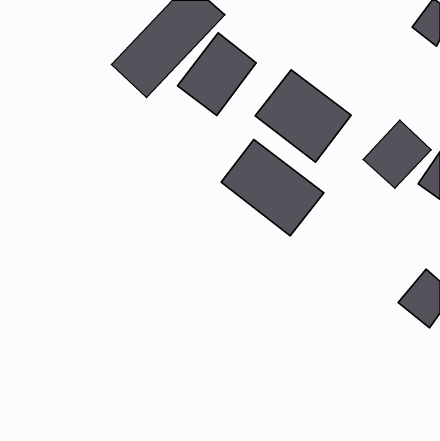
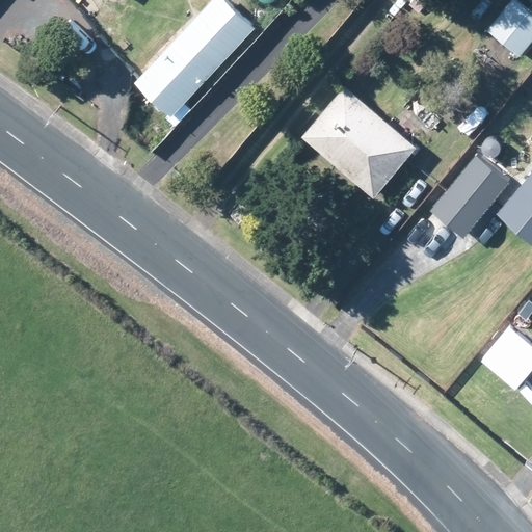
building: [178,33,256,115] -> none
building: [221,139,324,236] -> none

